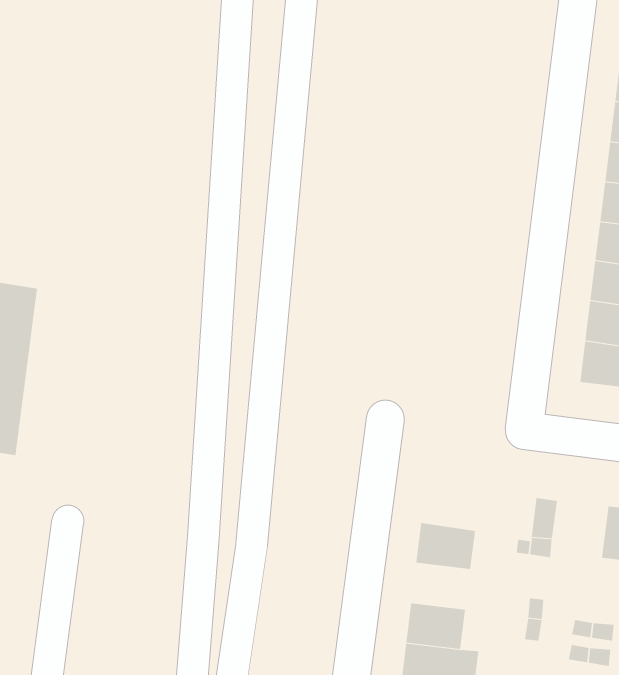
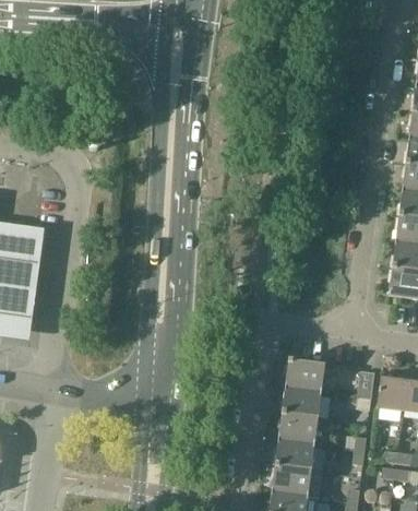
building: none -> [286,360,325,392]
building: none -> [378,372,408,409]
building: none -> [279,413,319,443]

